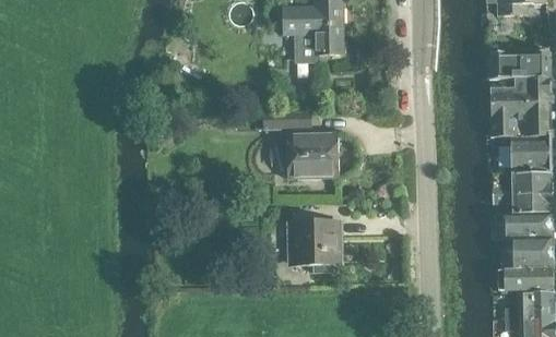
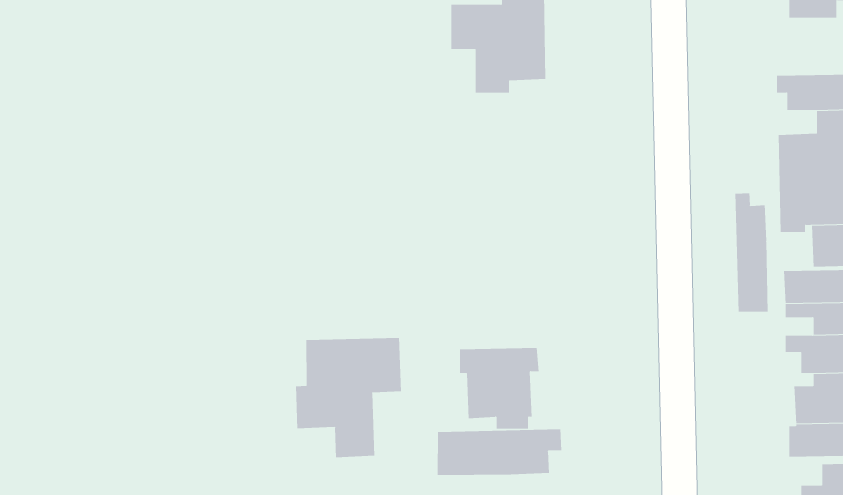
building: [264,111,338,178] -> none
building: none -> [735,192,768,313]
building: none -> [295,337,401,458]
building: none -> [437,429,562,476]

